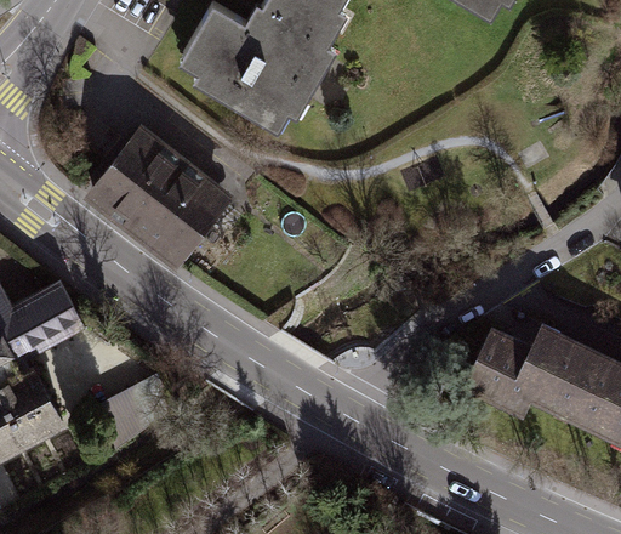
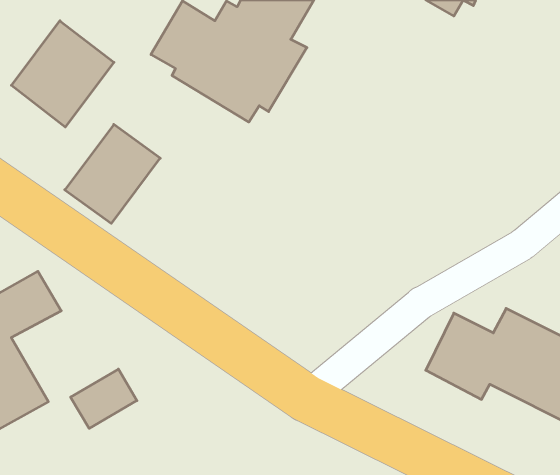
building: none -> [11,21,114,127]
building: [135,166,229,266] -> none

